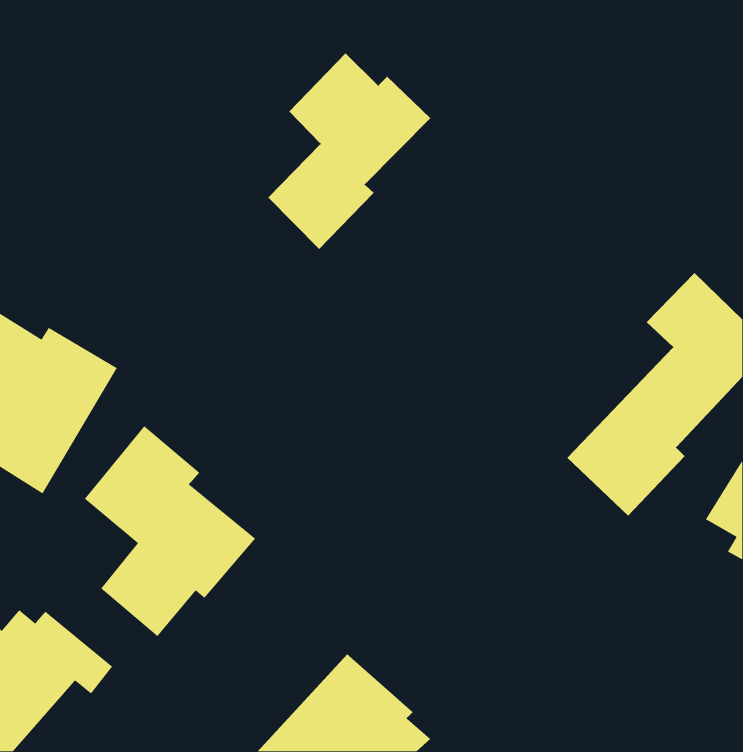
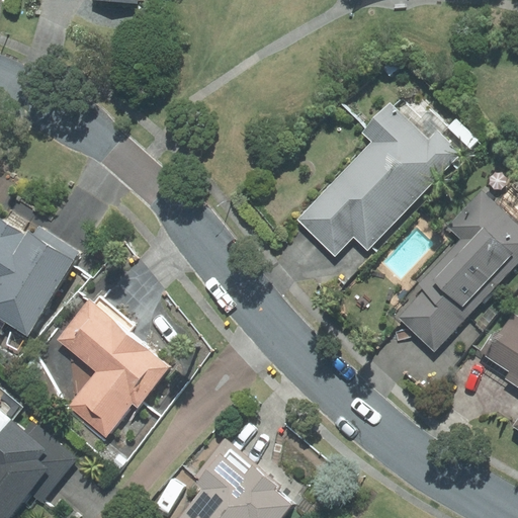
building: [267,53,431,250] -> none
building: none -> [295,102,461,257]

